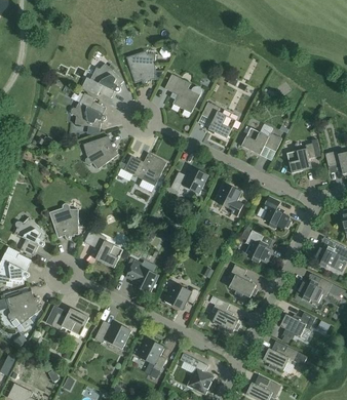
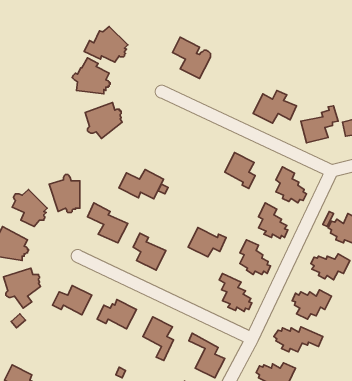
building: [125,50,154,83] -> none
building: [200,101,235,137] -> none
building: [123,152,165,179] -> [119,169,164,199]
building: [169,165,207,193] -> none
building: [163,281,199,309] -> [188,228,226,257]

